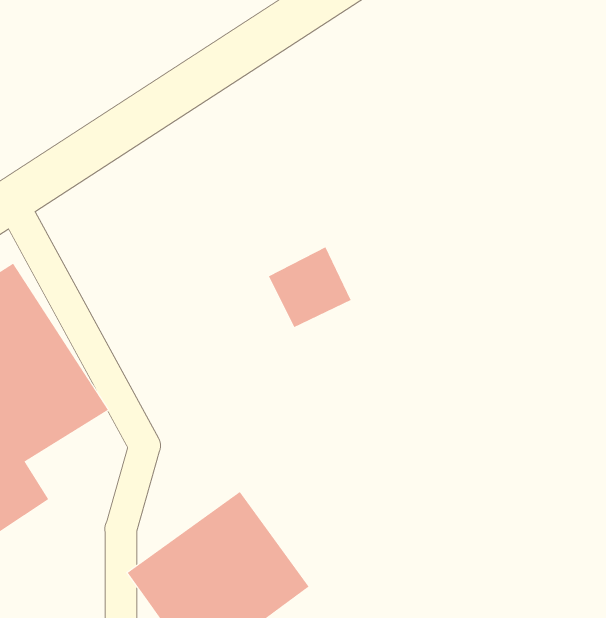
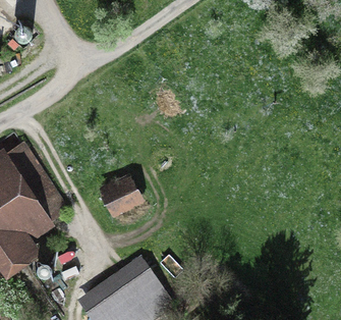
building: [268,246,352,328] -> [107,172,150,214]

